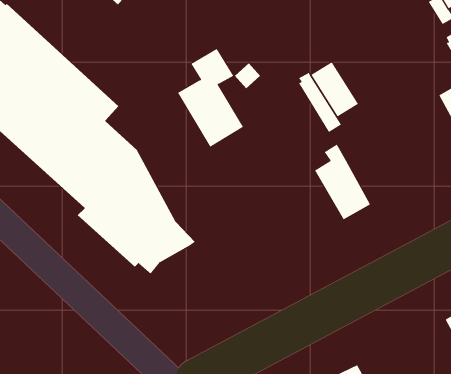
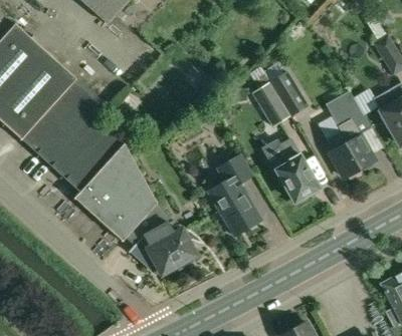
building: [177,48,244,147] -> [207,154,262,237]
building: none -> [314,92,375,178]
building: none -> [131,223,195,277]

